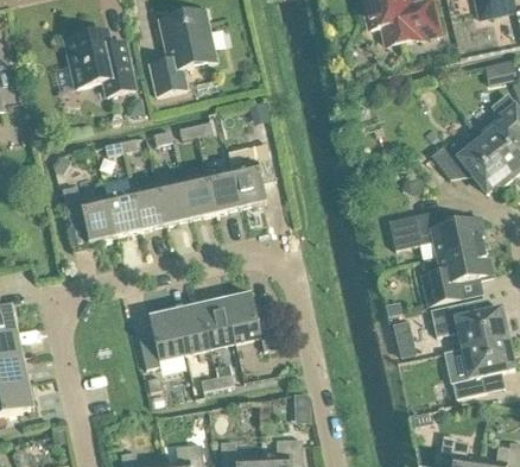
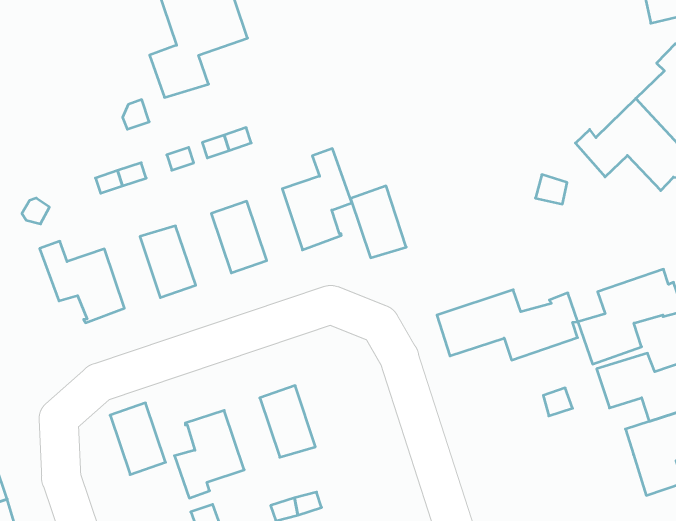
building: [65,32,135,96] -> none
building: [205,166,240,214] -> [350,186,406,258]
building: [156,178,190,226] -> none
building: [106,189,140,236] -> none
building: [389,210,484,258] -> [437,290,578,360]
building: [226,295,278,352] -> none
building: [176,307,210,354] -> [110,403,166,475]

